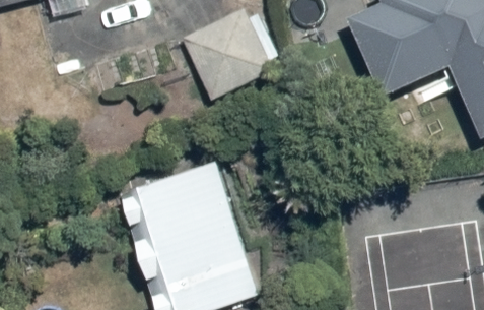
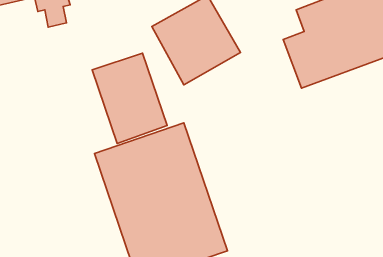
building: none -> [92,53,167,143]

